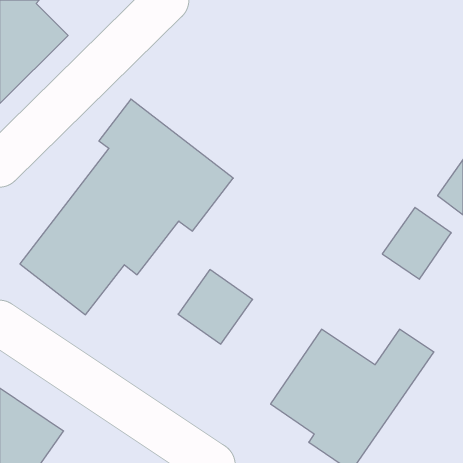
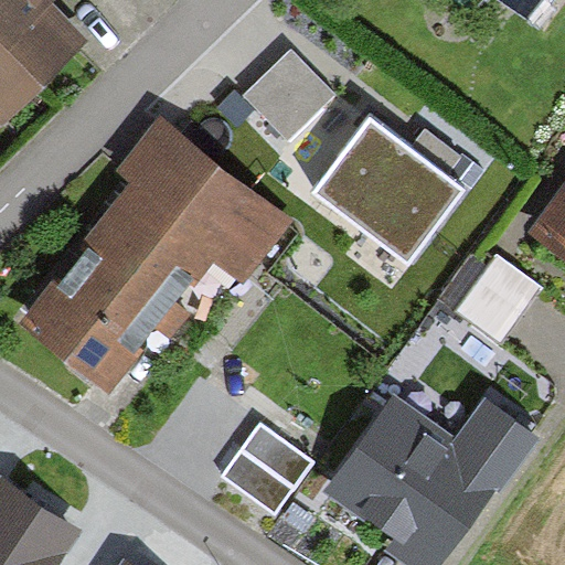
building: none -> [243,49,334,140]
building: none -> [315,116,462,258]
building: [178,270,253,344] -> [222,423,312,513]

